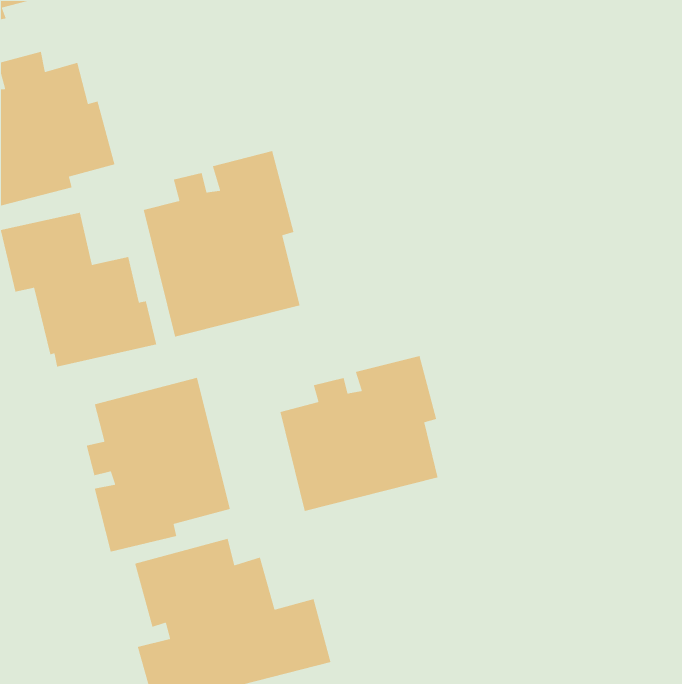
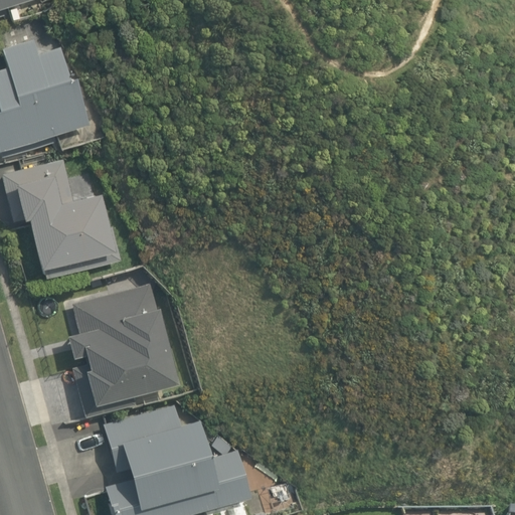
building: [143,150,300,337] -> none
building: [279,355,438,512] -> none

